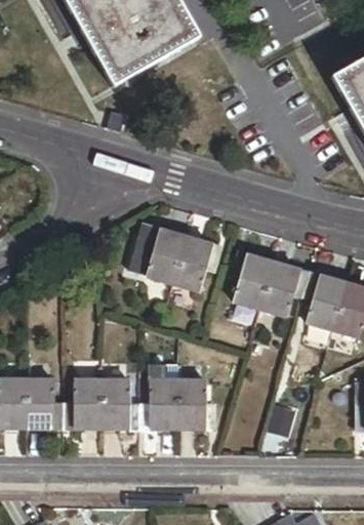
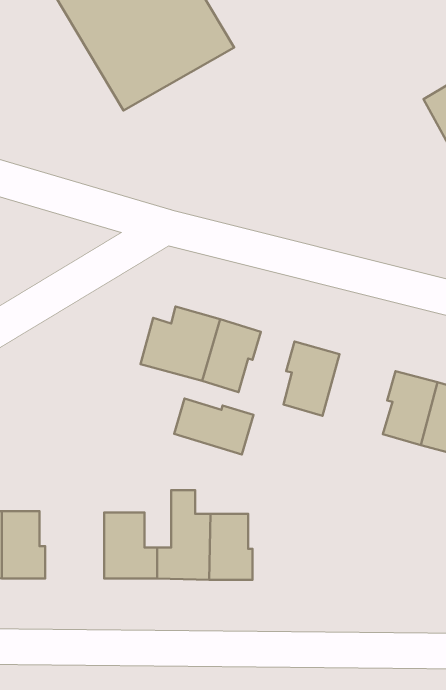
building: [261,262,305,315] -> none
building: none -> [174,398,253,455]
building: [65,378,102,427] -> none

